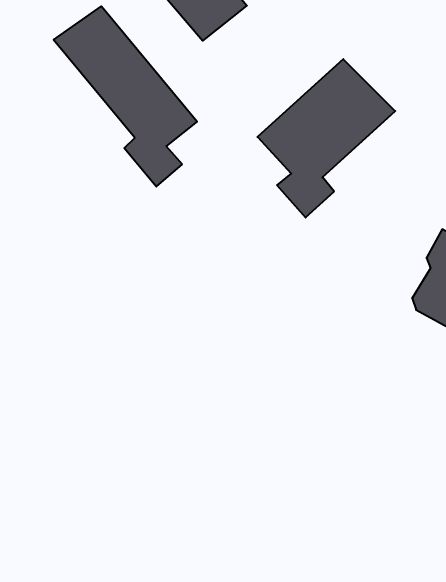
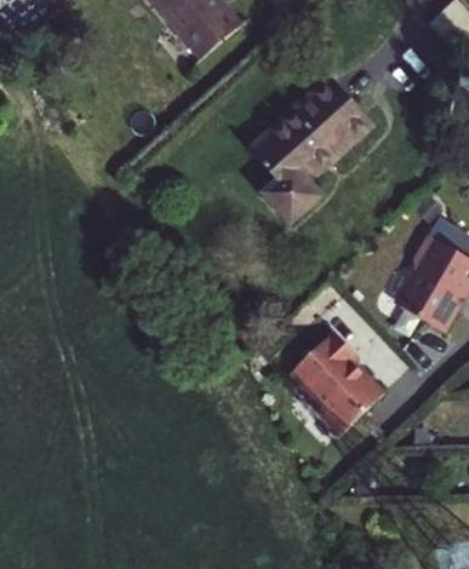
building: [54,6,197,187] -> none
building: none -> [293,335,387,437]

